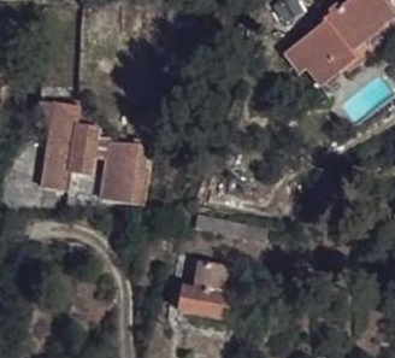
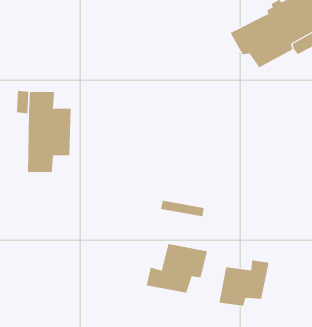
building: [107,140,149,200] -> none
building: none -> [219,259,269,307]

